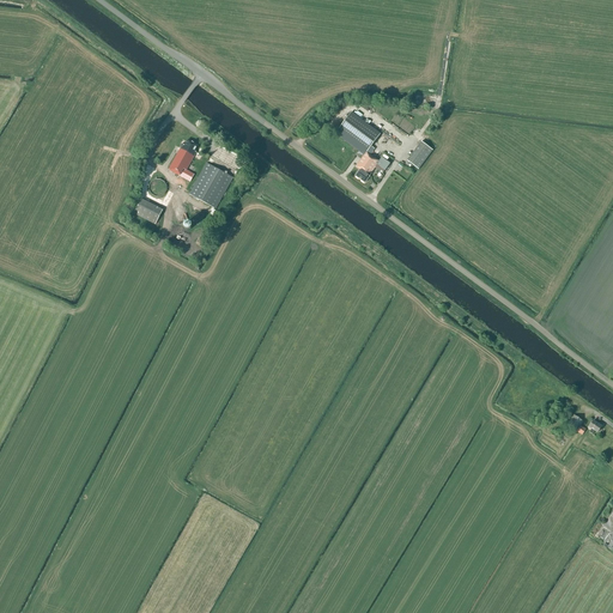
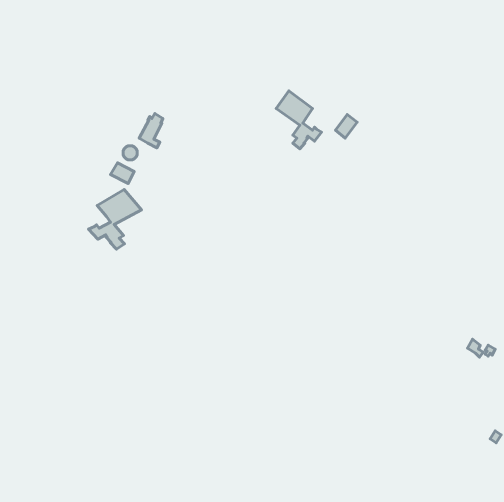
building: [189,162,232,207] -> none
building: none -> [89,190,141,249]

